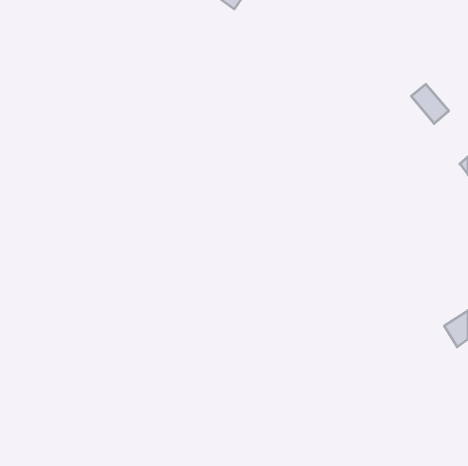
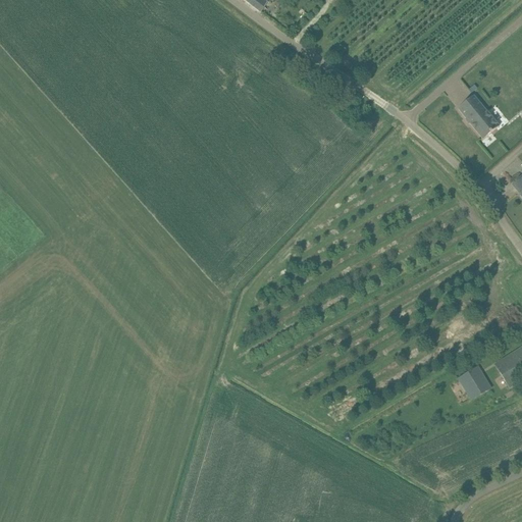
building: none -> [459,365,490,397]

